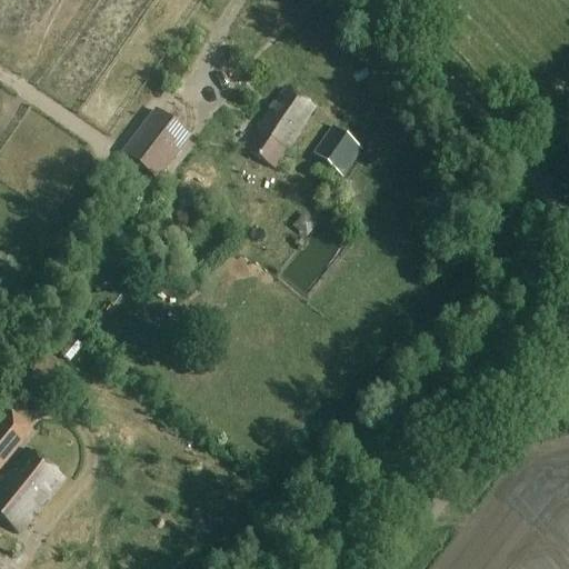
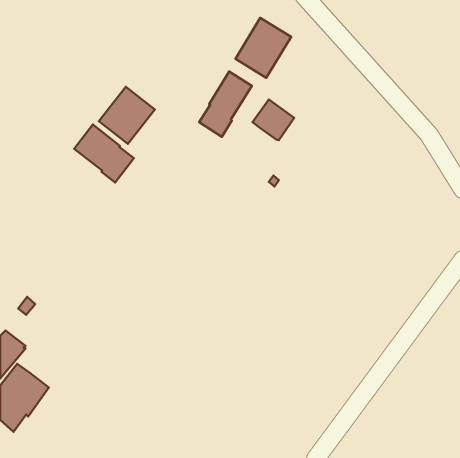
building: none -> [235,18,291,78]
building: none -> [74,124,134,182]

